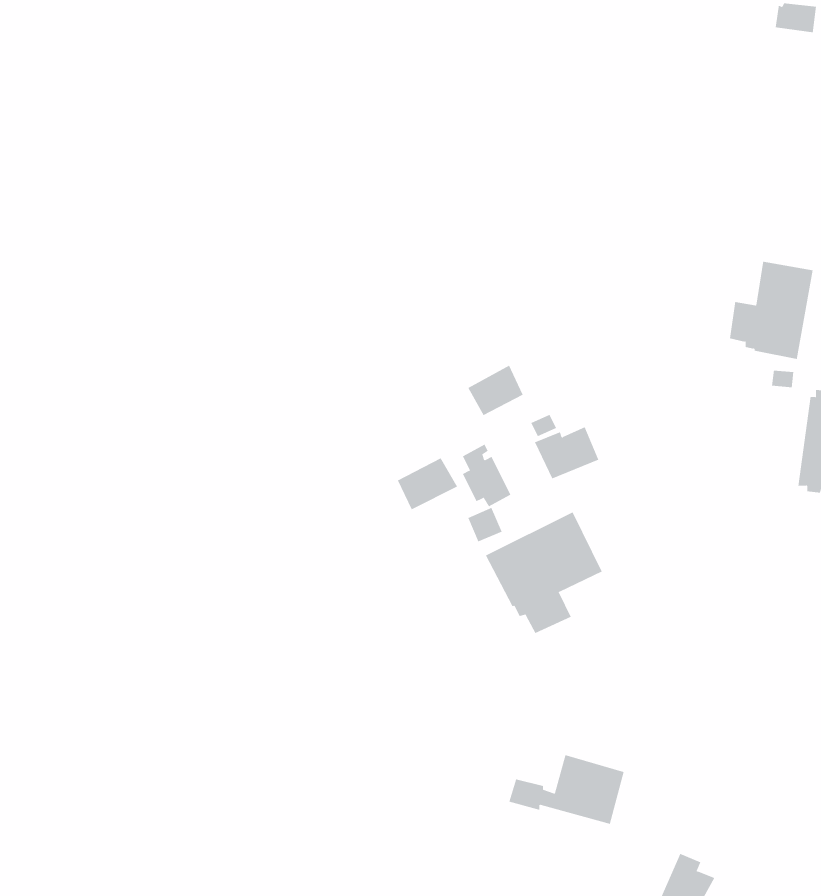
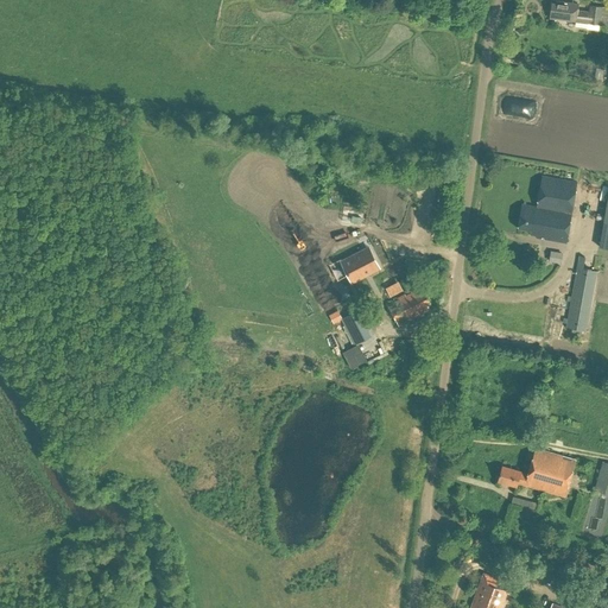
building: [397,458,458,510] -> none
building: [485,512,603,634] -> none
building: [509,754,625,825] -> [496,449,575,496]

